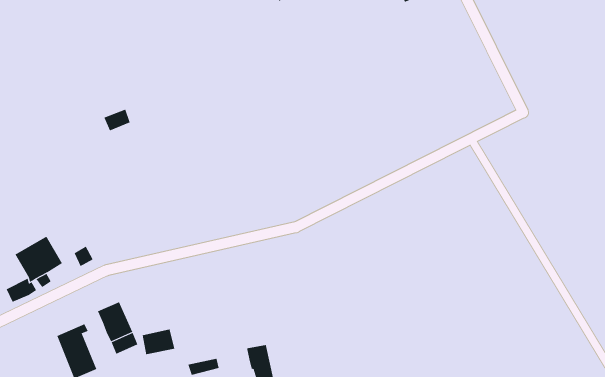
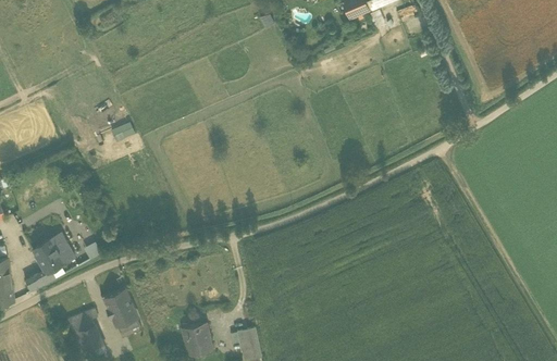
building: [142,329,175,355] -> [181,322,210,345]

